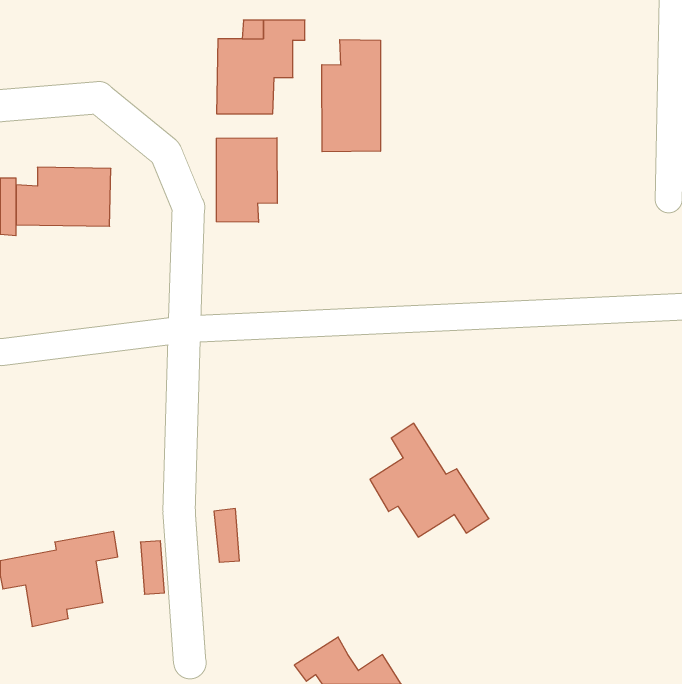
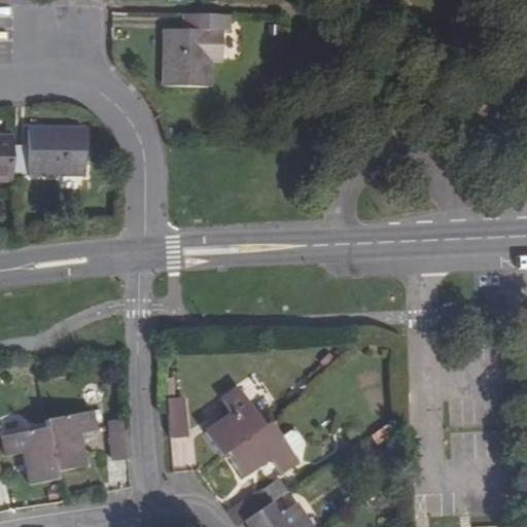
building: [322,40,380,152] -> none
building: [216,138,277,222] -> none
building: [370,423,489,537] -> [206,389,297,477]

